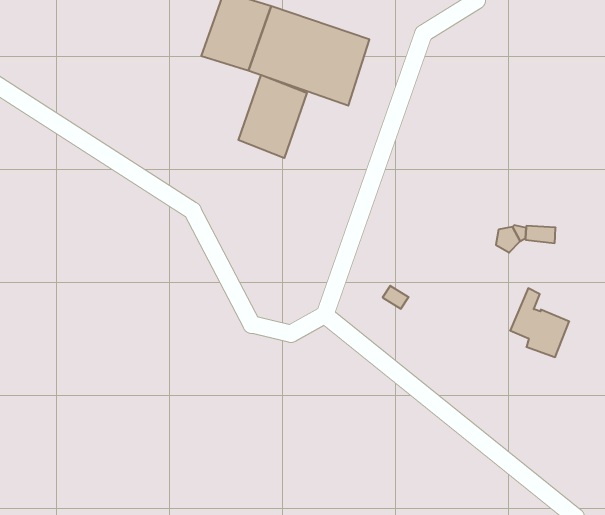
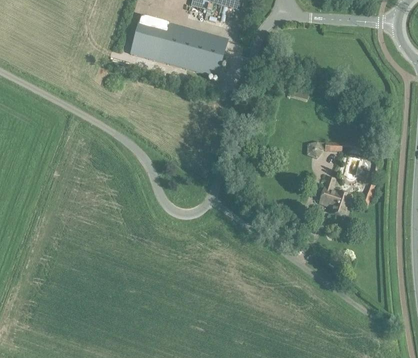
building: [238,75,307,158] -> none

